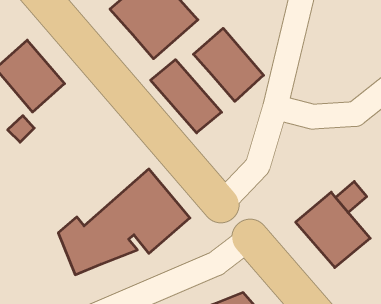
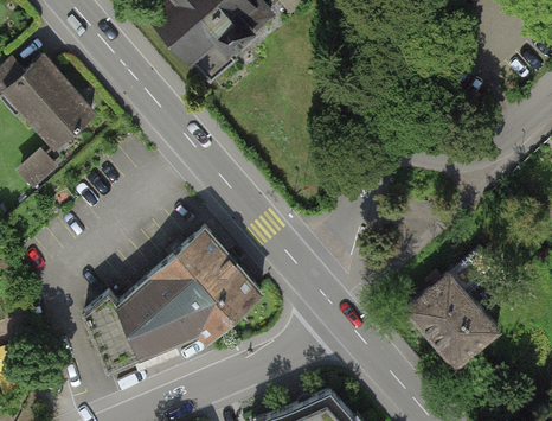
building: [193,28,264,101] -> none
building: [151,60,222,133] -> none

